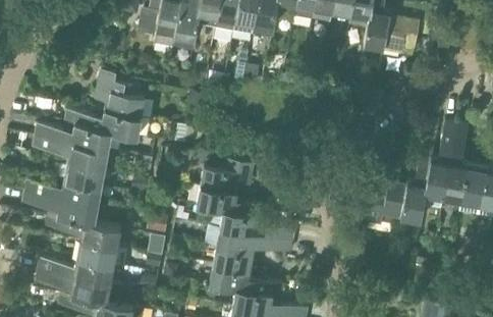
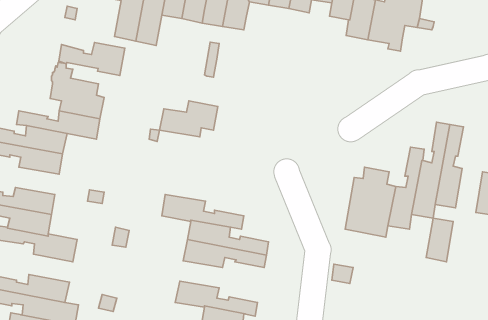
building: none -> [59,43,125,76]
building: [200,161,253,194] -> [159,101,218,137]
building: [64,163,104,188] -> none
building: [462,164,487,204] -> [426,218,453,262]
building: [76,242,125,268] -> none
building: [213,248,252,272] -> none

